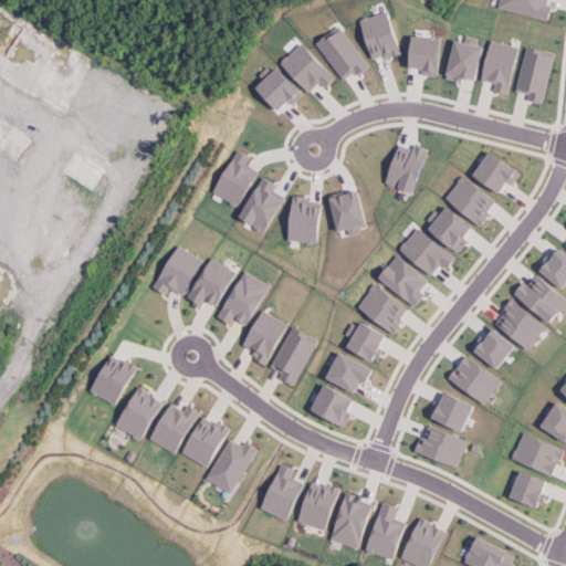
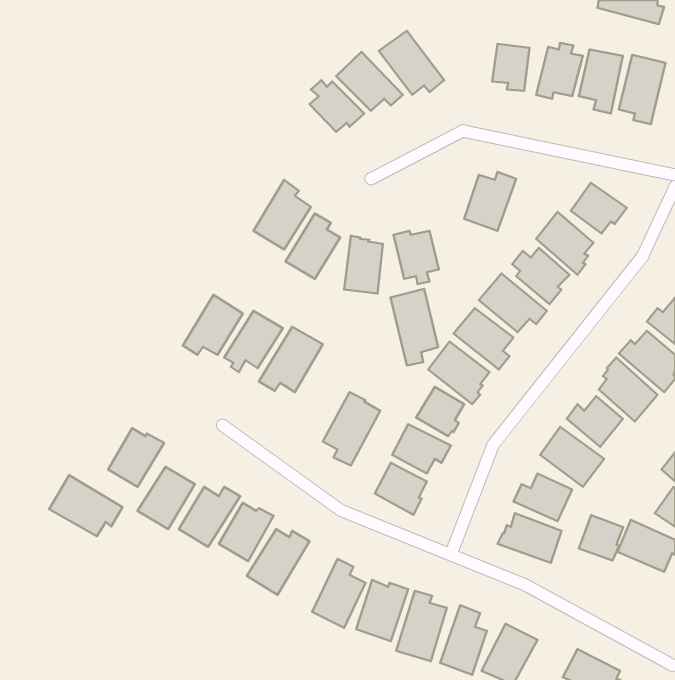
building: [358,12,398,59] -> none
building: none -> [390,289,438,366]
building: [241,311,286,367] -> none
building: none -> [49,475,122,536]
building: [511,471,547,509] -> [579,515,623,561]

